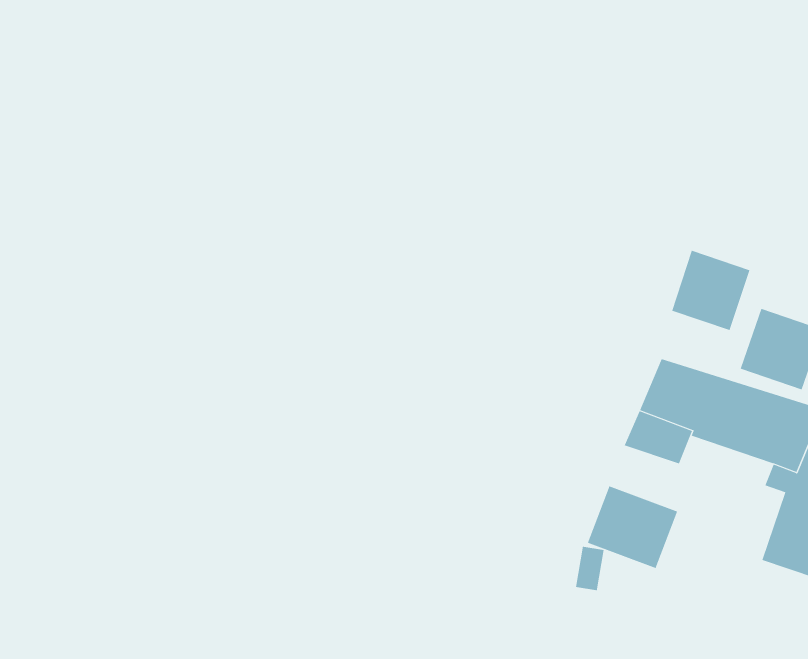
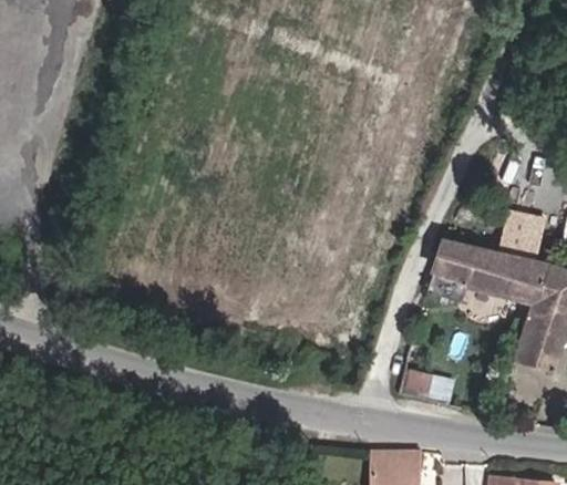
building: [671,250,750,331] -> none
building: [587,485,678,569] -> none

